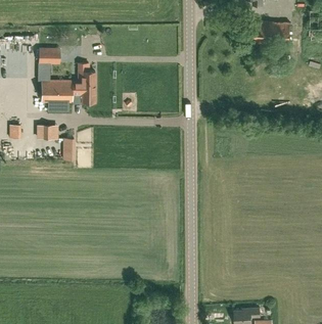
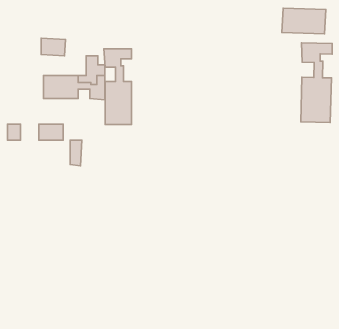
building: none -> [301,43,332,123]
building: none -> [104,49,131,125]

